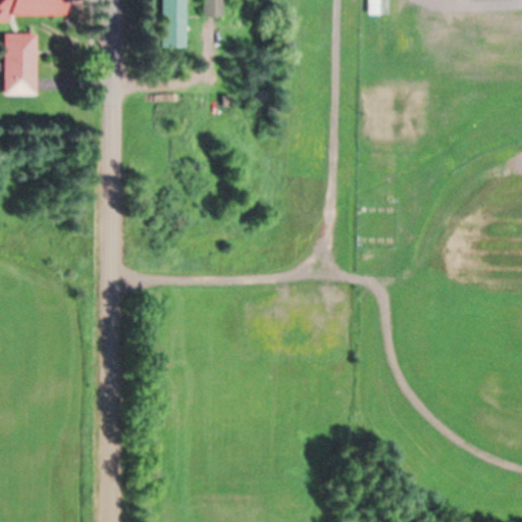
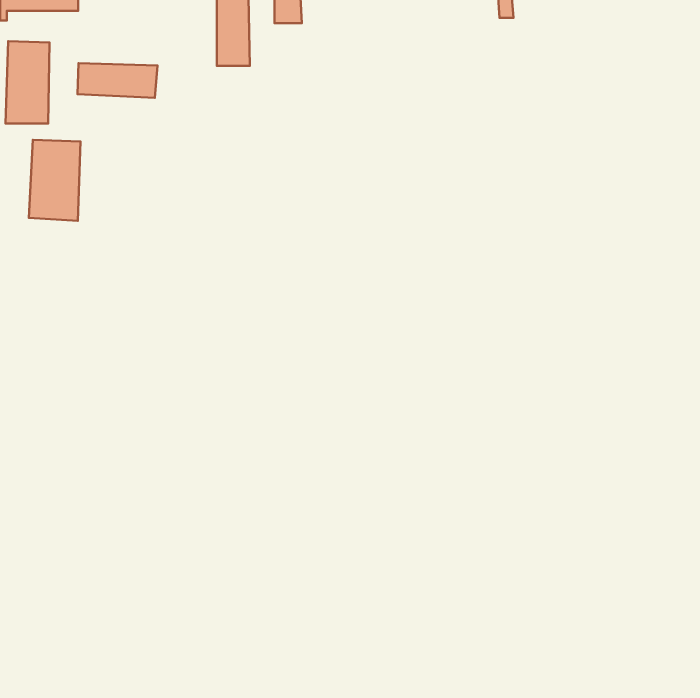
building: none -> [77,63,157,98]
building: none -> [29,140,80,221]

